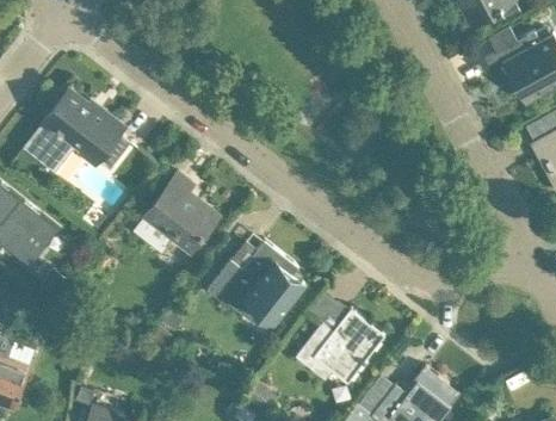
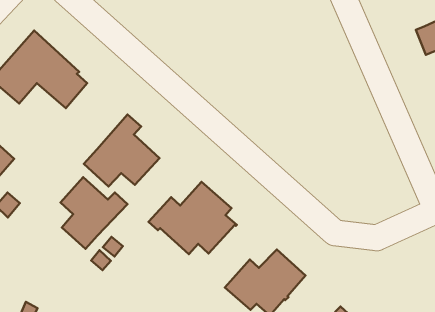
building: none -> [61,177,127,249]

